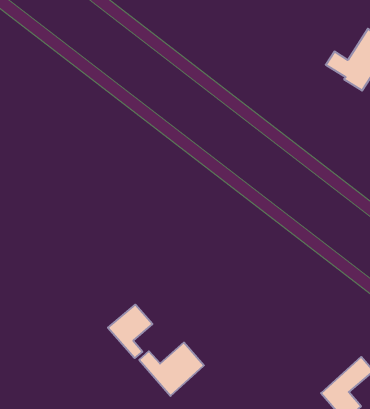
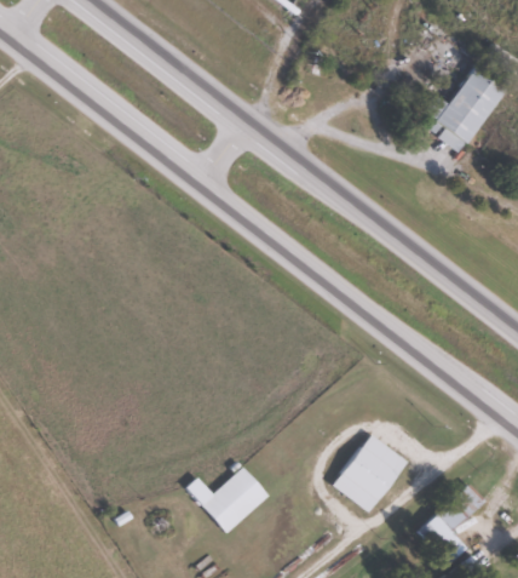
building: [108,305,152,358] -> none
building: none -> [332,435,405,514]

